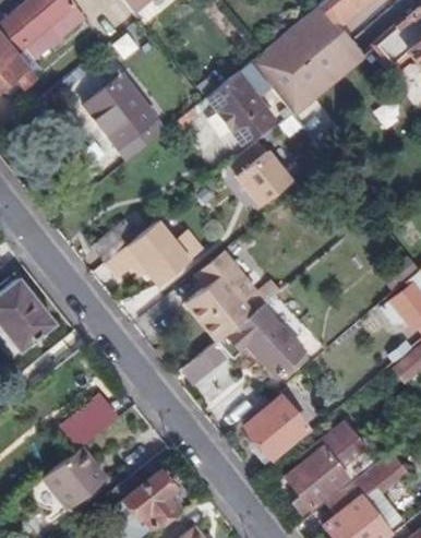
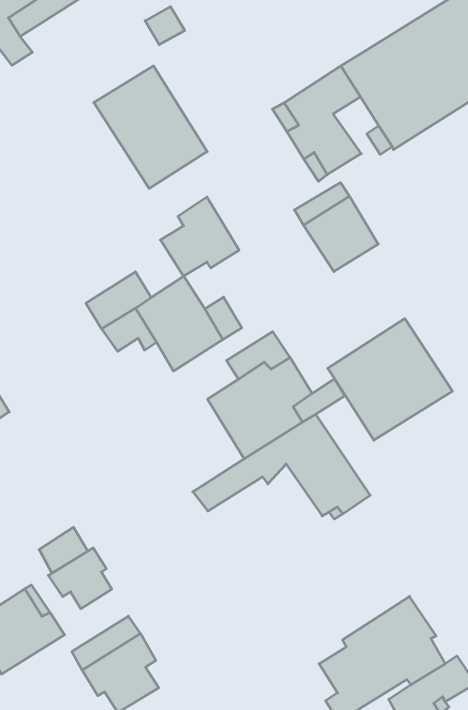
building: none -> [160,197,239,276]
building: none -> [328,319,452,440]
building: [246,397,310,456] -> none
building: none -> [48,548,112,609]

